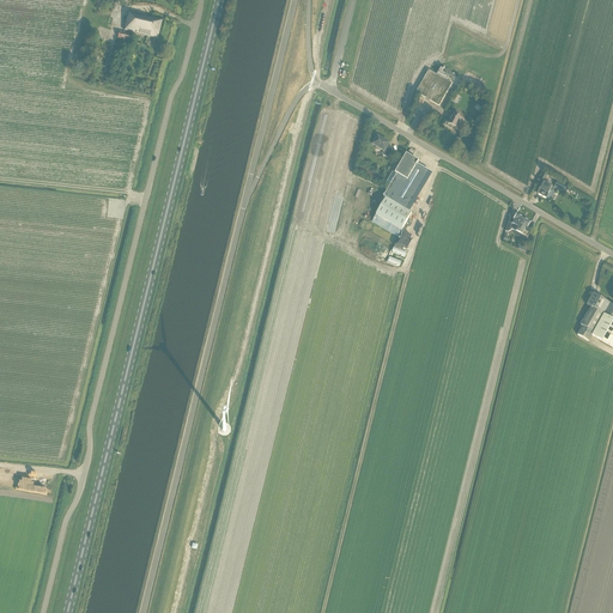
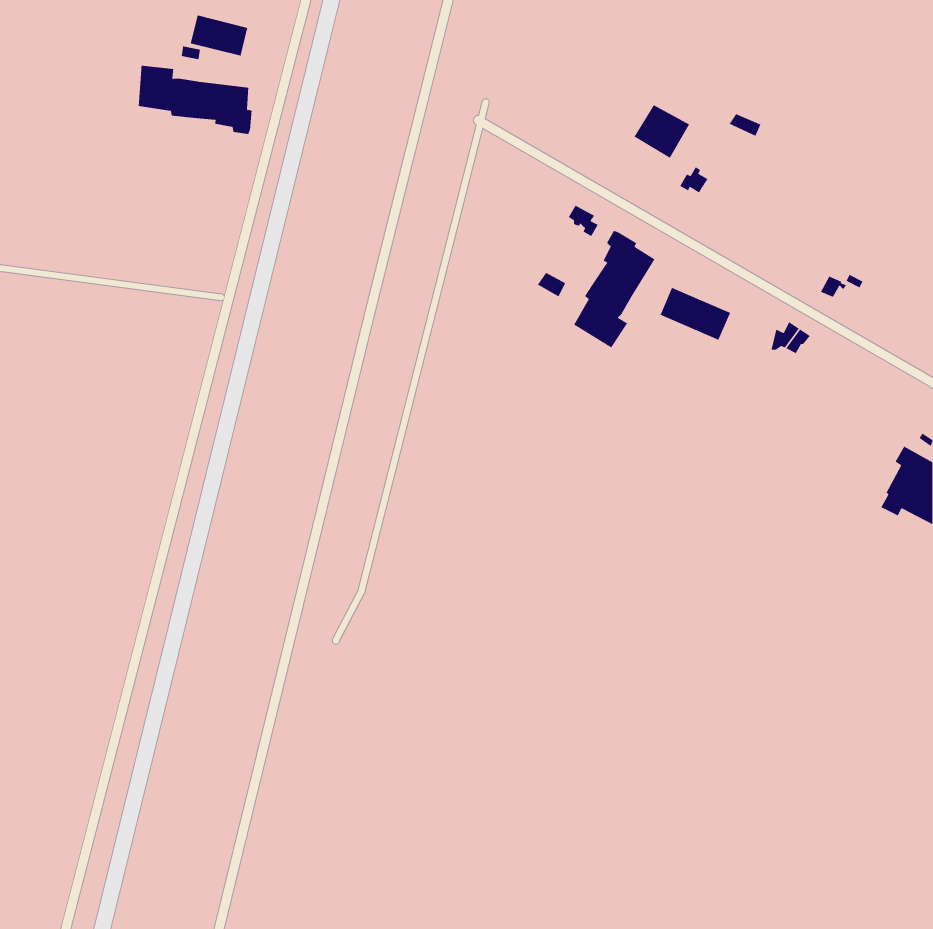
building: none -> [138,65,252,135]
building: none -> [659,287,731,341]

